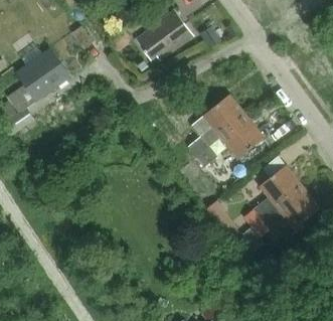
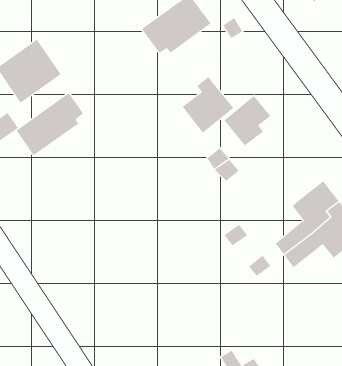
building: none -> [16,92,84,156]
building: [220,111,264,158] -> [182,76,234,134]

